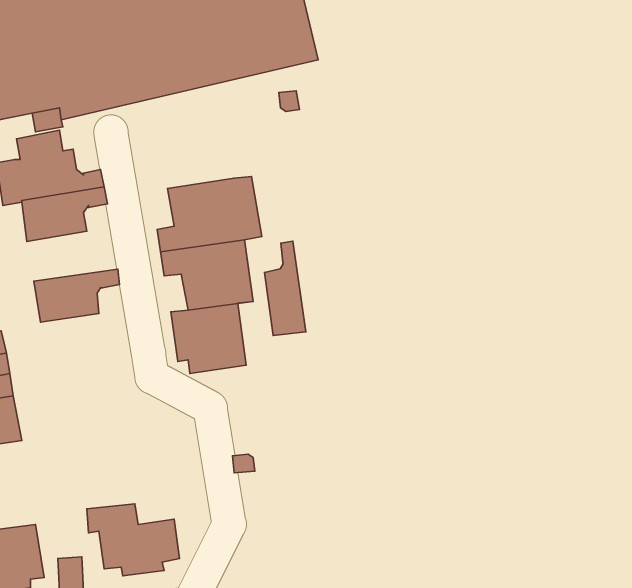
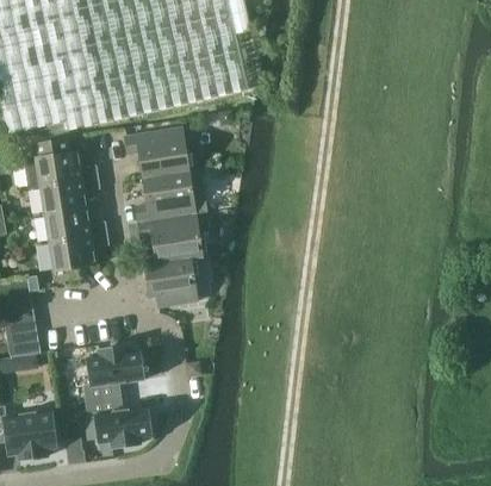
building: none -> [124,127,188,177]
building: none -> [44,207,107,242]
building: [264,241,306,336] -> none
building: none -> [83,347,143,400]

